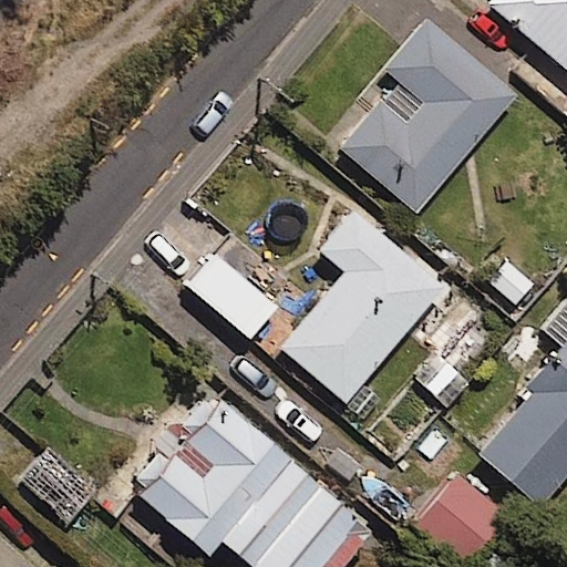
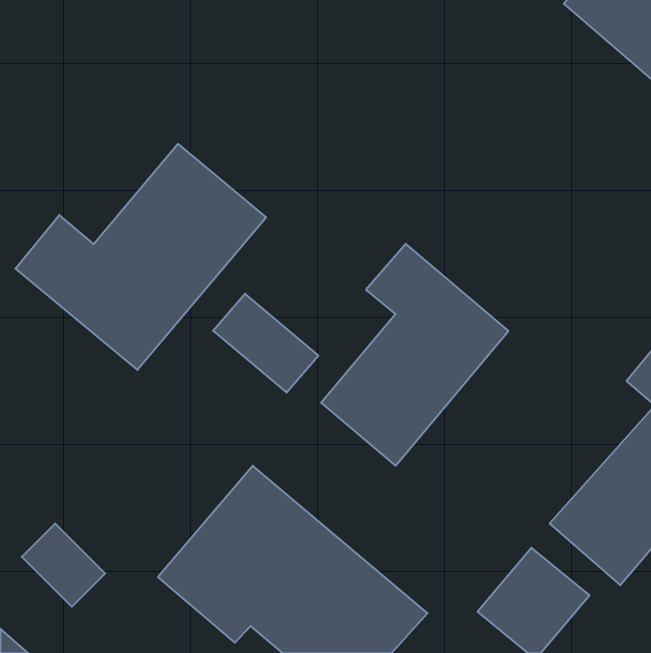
building: [341,19,516,212] -> none
building: none -> [15,144,266,370]

